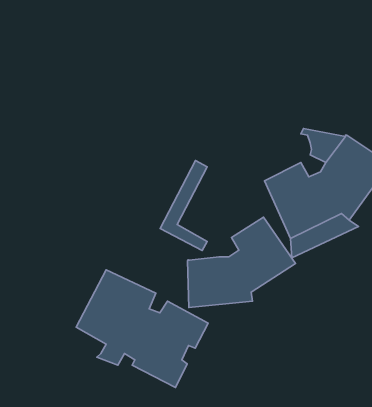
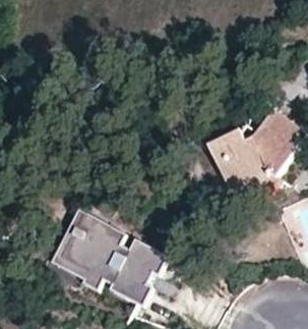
building: [160,160,207,251] -> [52,211,88,281]
building: [188,217,296,307] -> none

